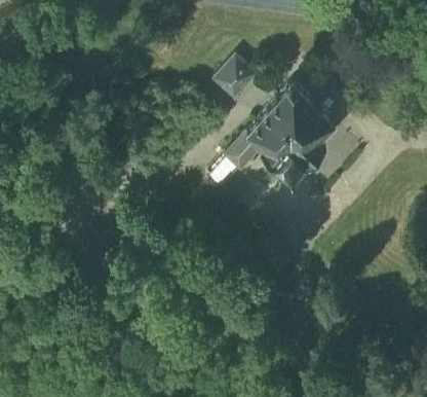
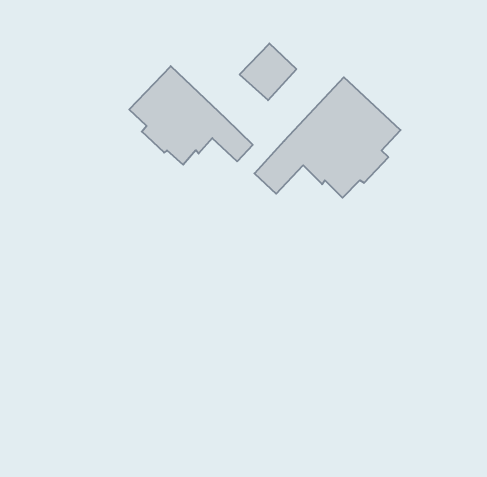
building: none -> [129,66,253,165]

